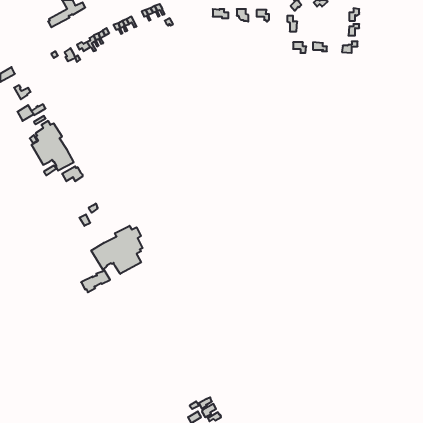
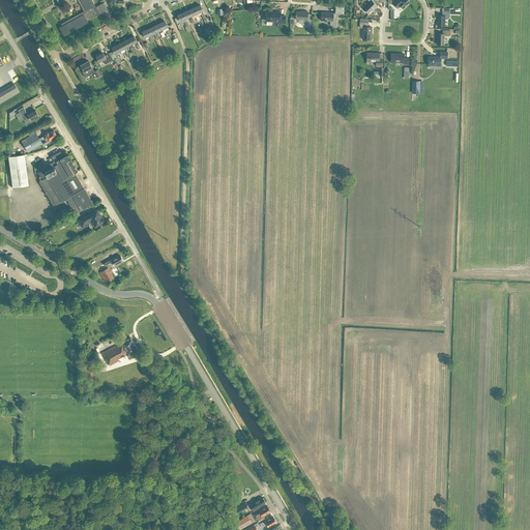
building: none -> [8,154,28,187]
building: [91,226,143,274] -> none

